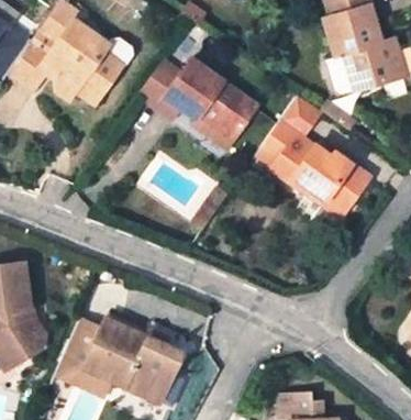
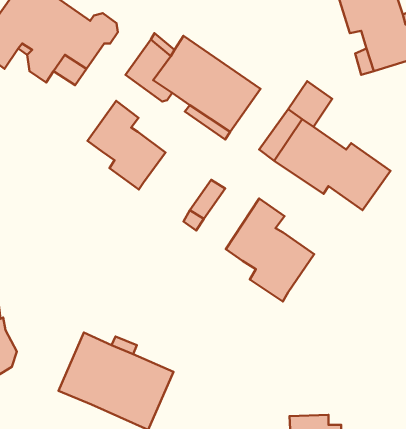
building: none -> [88,101,165,190]
building: none -> [226,198,314,301]
building: [55,344,110,396] -> none

